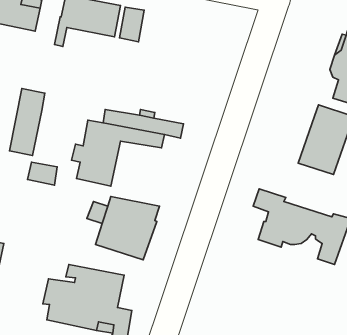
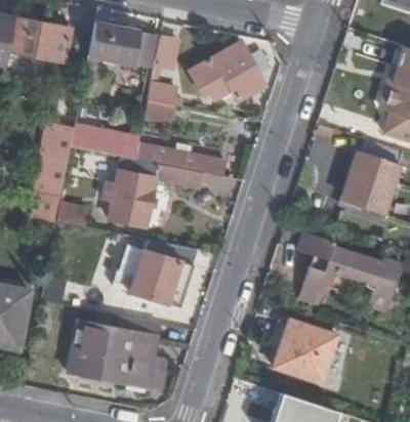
building: none -> [188,44,269,99]
building: none -> [142,83,182,122]
building: none -> [70,125,139,160]
building: none -> [274,316,335,380]

